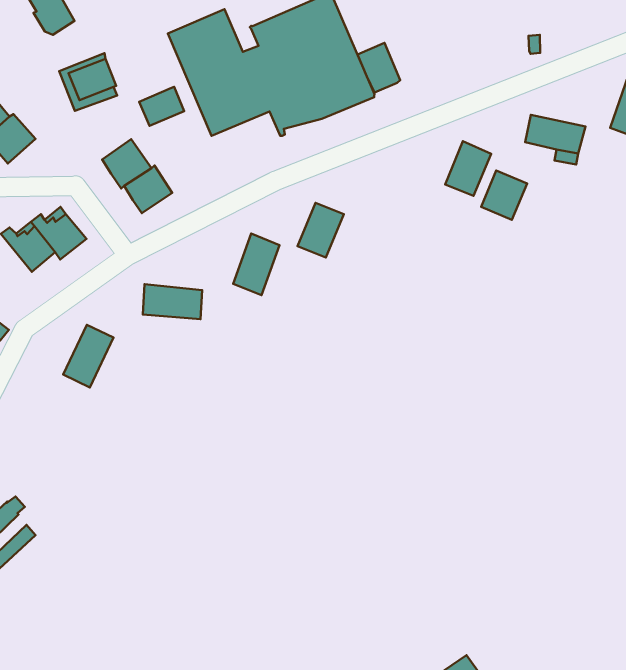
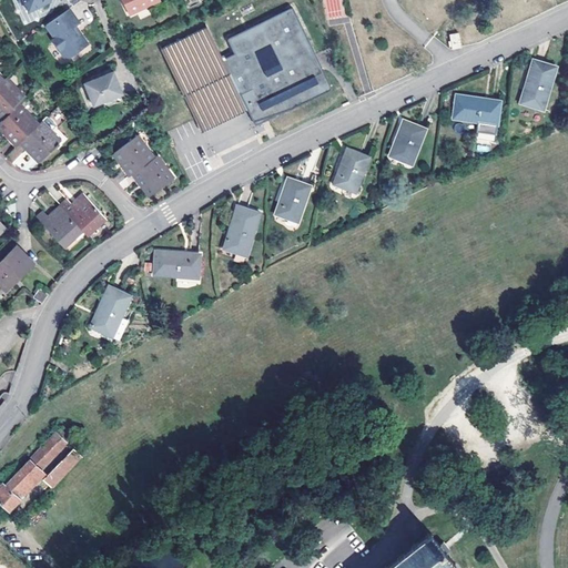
building: [357,43,400,93] -> none
building: [139,87,184,126] -> none
building: [481,170,527,220] -> none
building: none -> [333,149,369,191]

